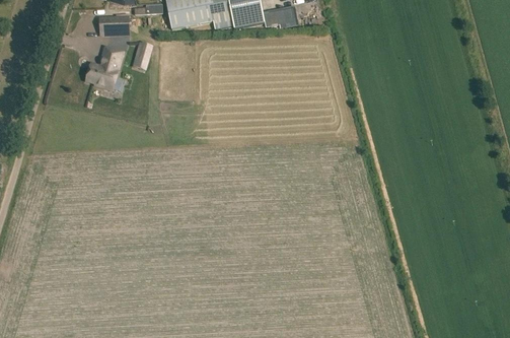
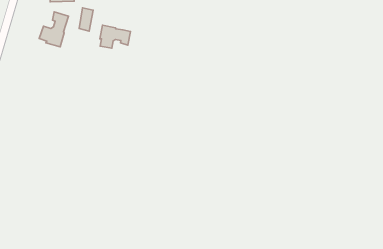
building: none -> [100,25,131,48]

